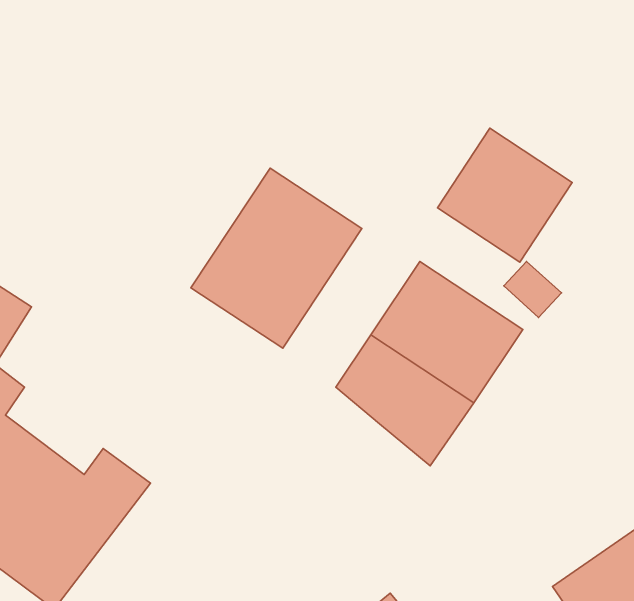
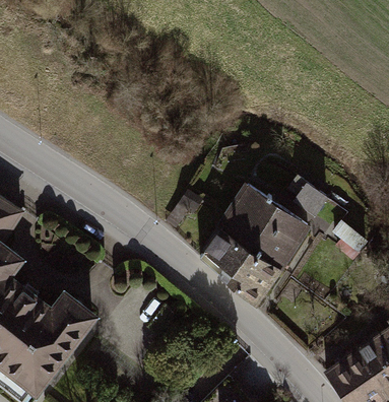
building: [437,128,572,262] -> none
building: [191,168,362,348] -> none

